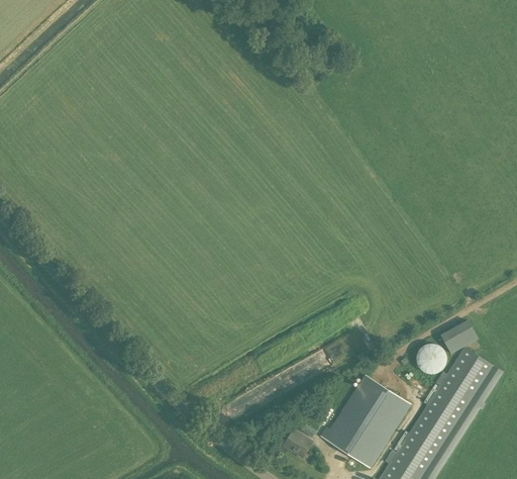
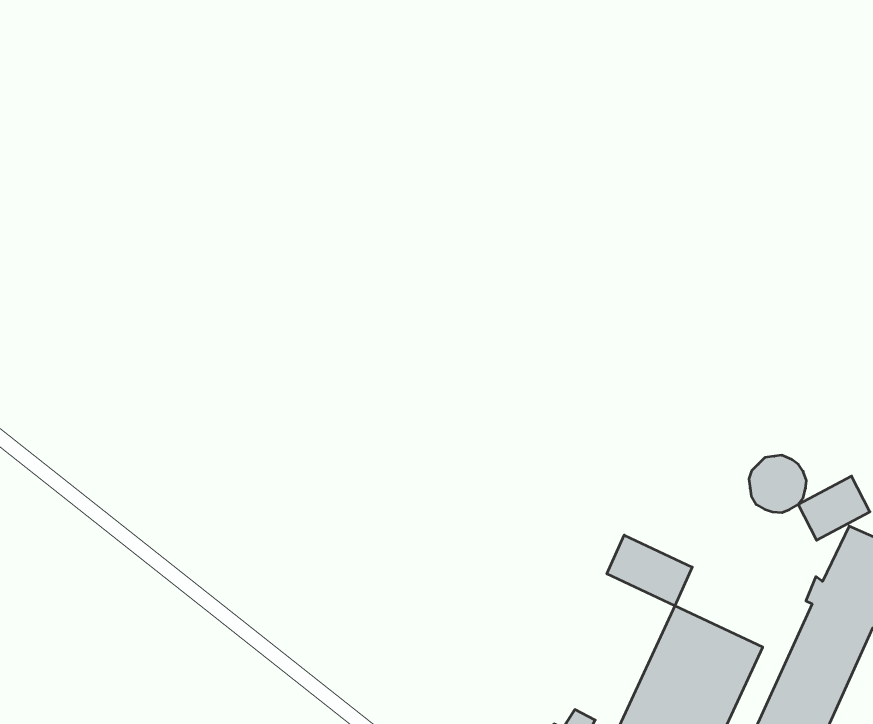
building: none -> [607,535,692,606]
building: [416,344,446,374] -> [749,455,806,513]

